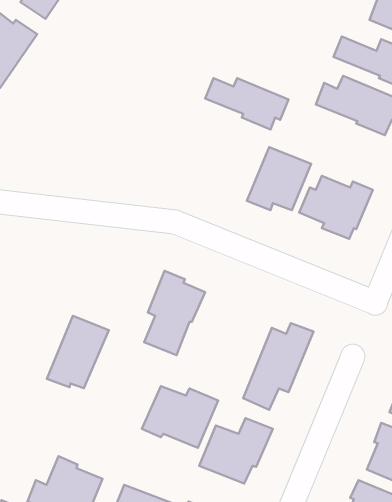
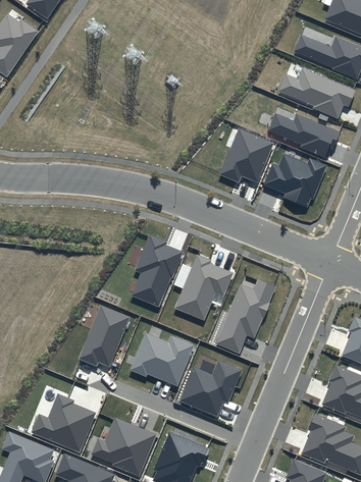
building: [205,78,288,129] -> [268,113,340,157]
building: none -> [174,254,234,321]
building: [47,316,109,388] -> [78,305,131,367]

